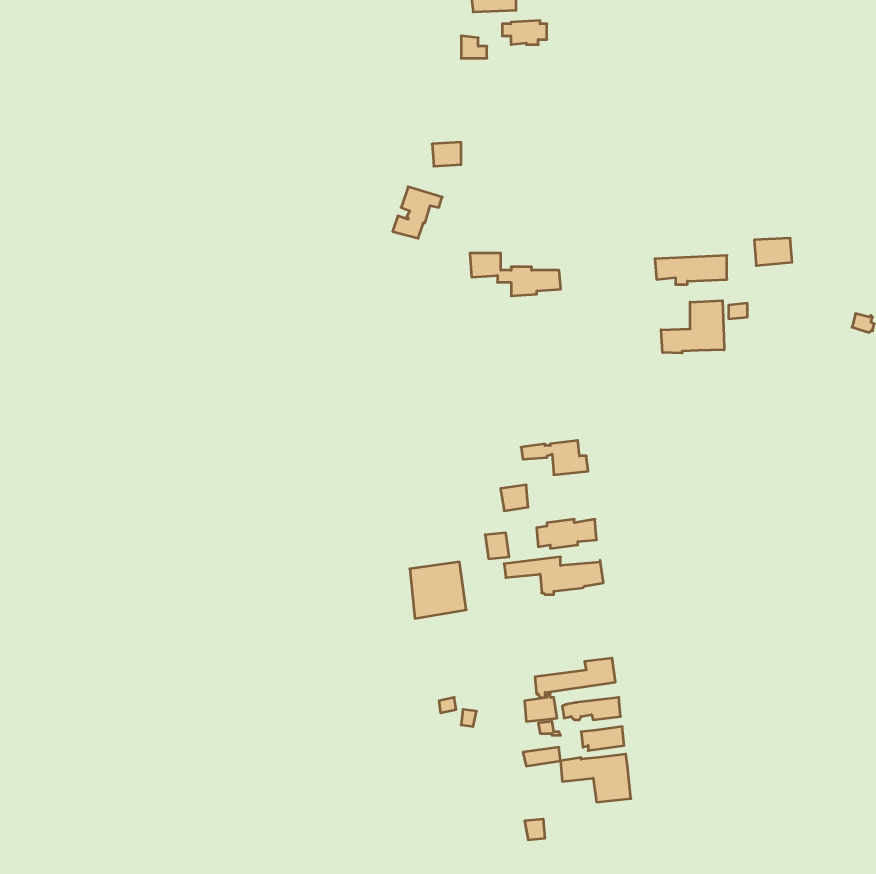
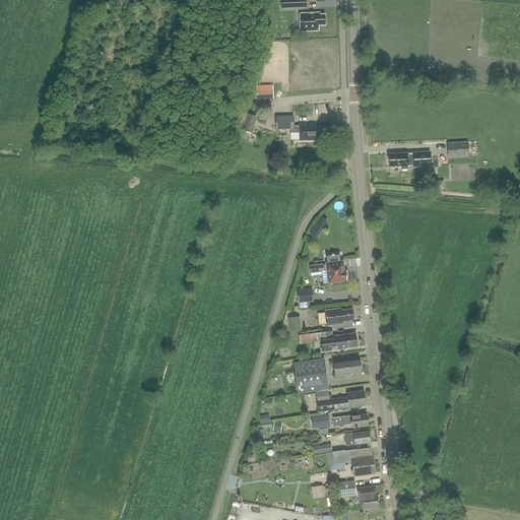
building: [470,253,561,296] -> [275,115,329,140]
building: [661,301,724,353] -> none
building: [410,562,466,618] -> [294,358,327,391]
building: none -> [333,358,361,377]
building: none -> [338,480,378,508]

